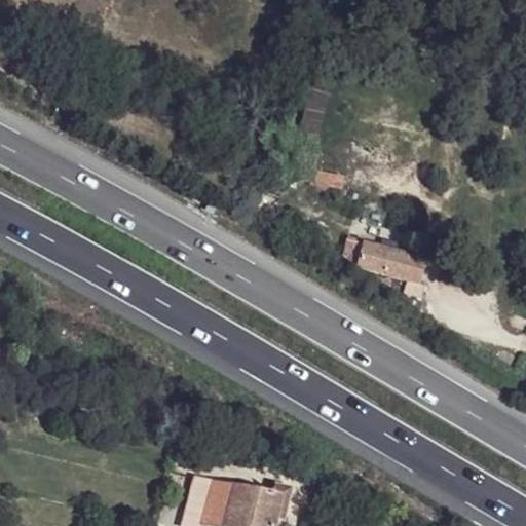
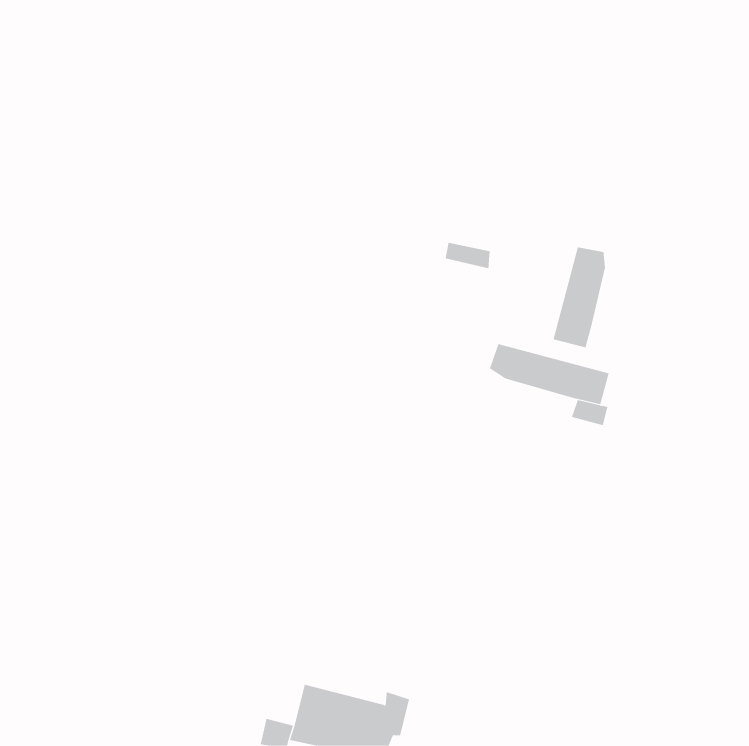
building: none -> [553,246,606,348]

